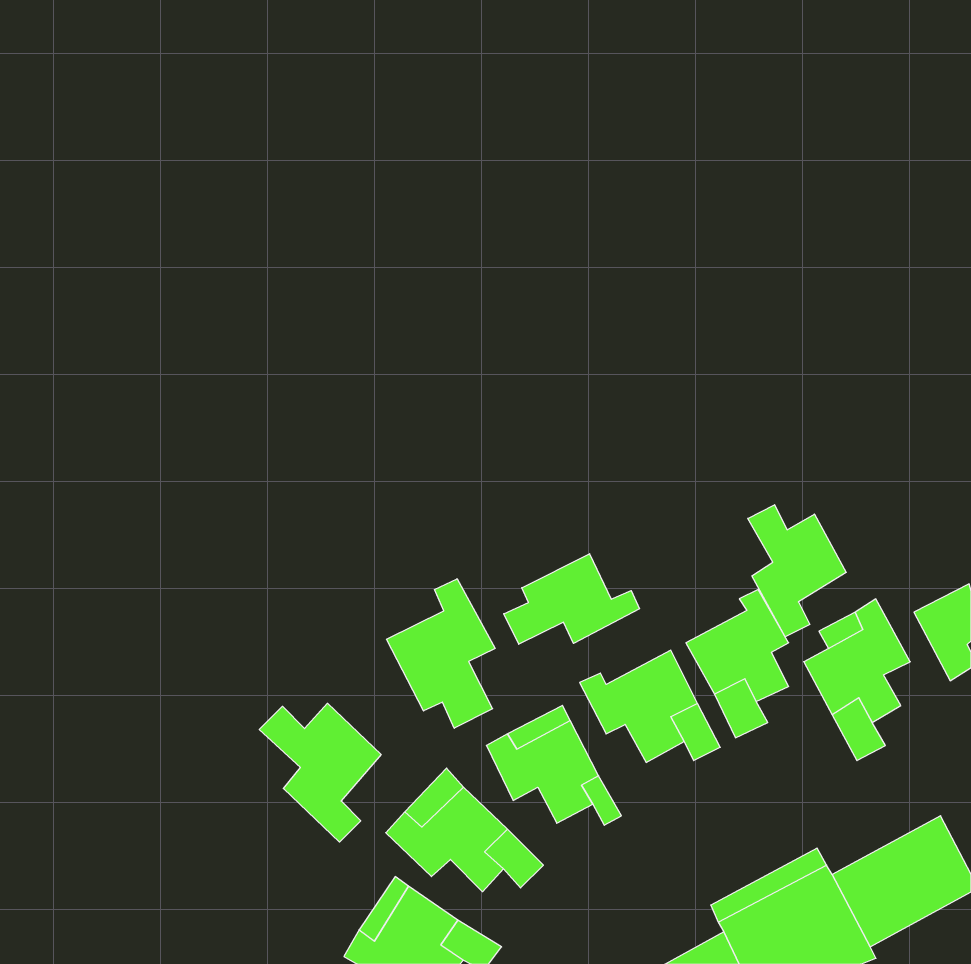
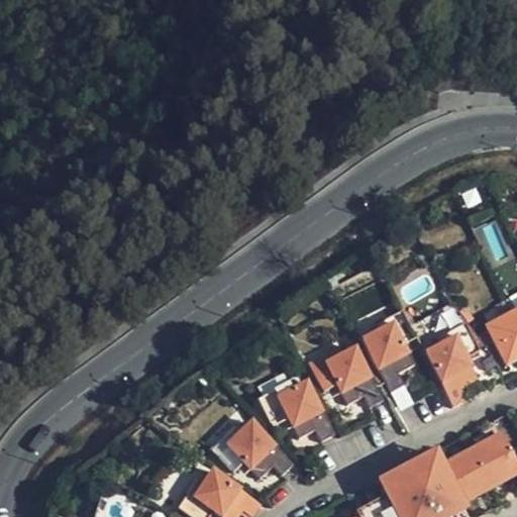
building: [748,505,846,637] -> none
building: [504,554,640,644] -> none
building: [387,579,495,728] -> none
building: [259,703,381,842] -> none

